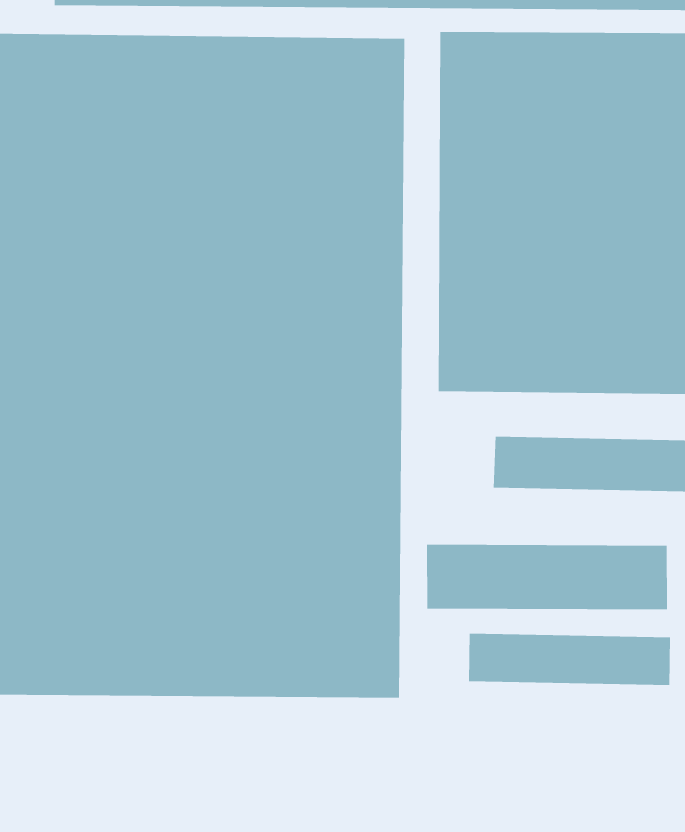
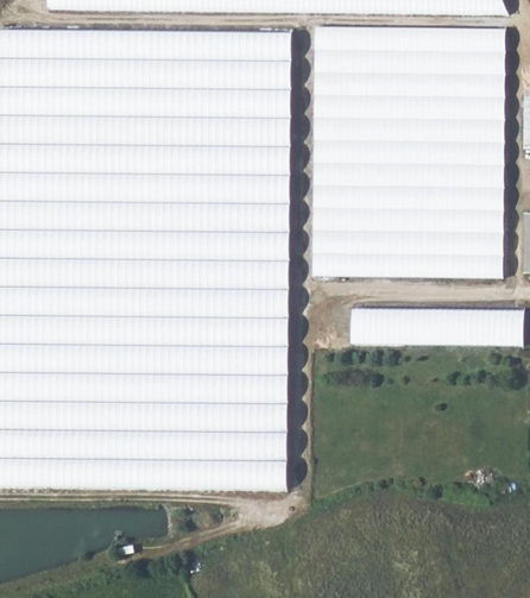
building: [427,544,667,610] -> none
building: [469,633,670,686] -> none

